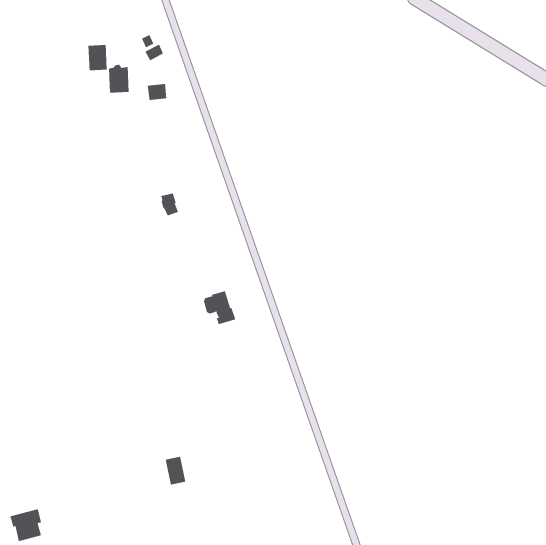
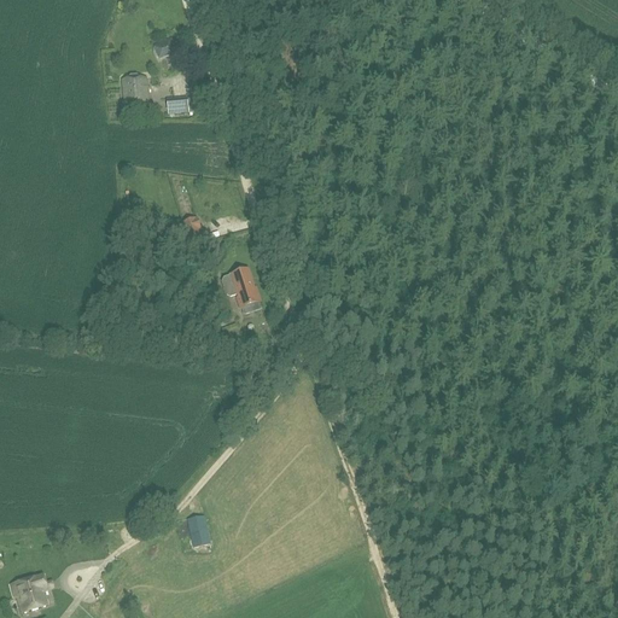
building: [88,44,107,71] -> none
building: [203,291,236,325] -> [222,268,260,307]

